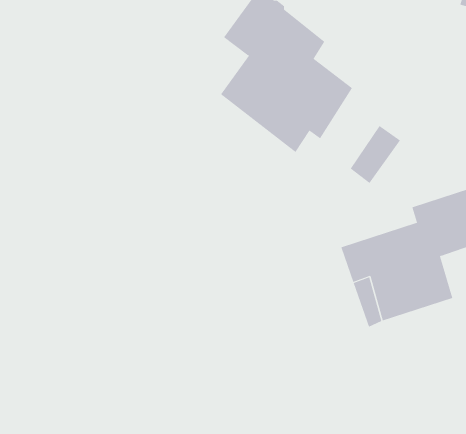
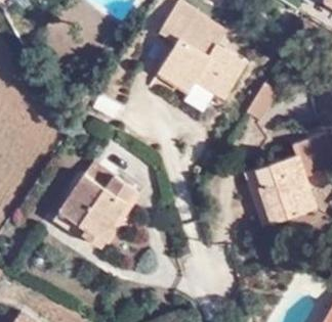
building: none -> [56,162,147,250]

